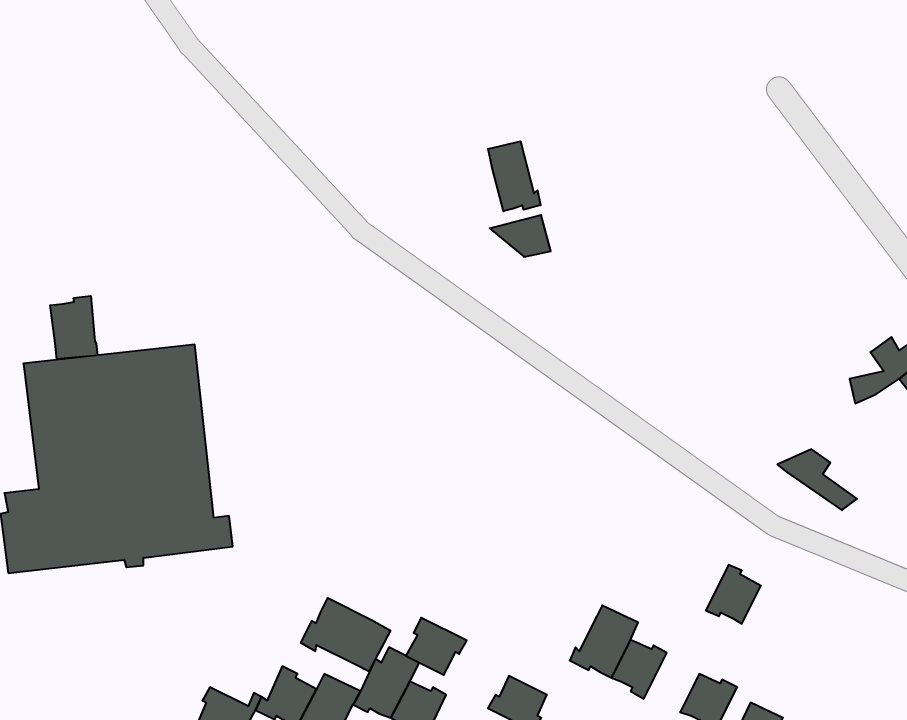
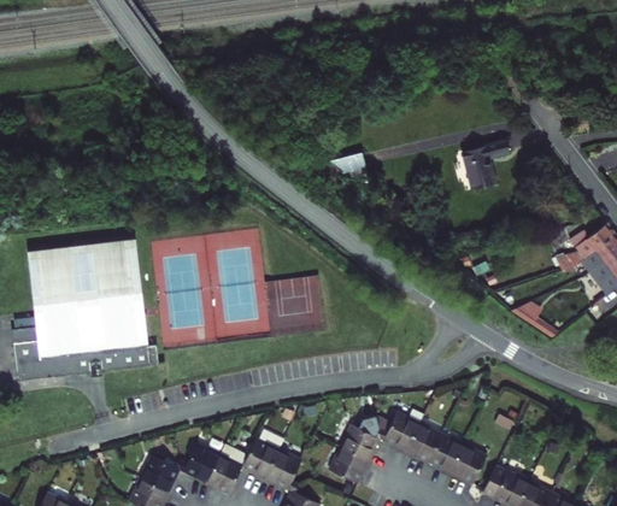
building: [488,141,541,211] -> none
building: none -> [460,142,506,193]
building: [50,296,97,359] -> none
building: [706,565,761,624] -> [425,433,460,470]
building: [301,598,390,671] -> none
building: [406,618,467,675] -> [340,423,378,459]

